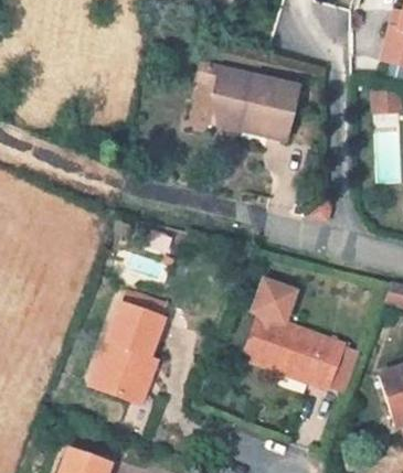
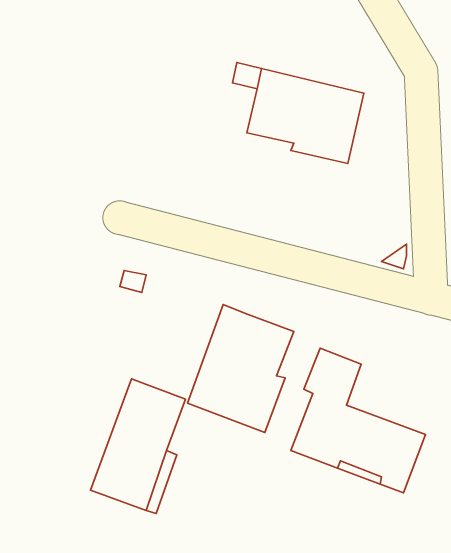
building: none -> [188,305,294,432]

